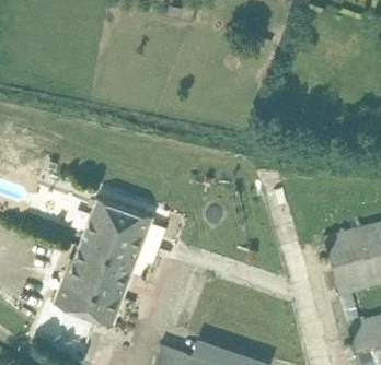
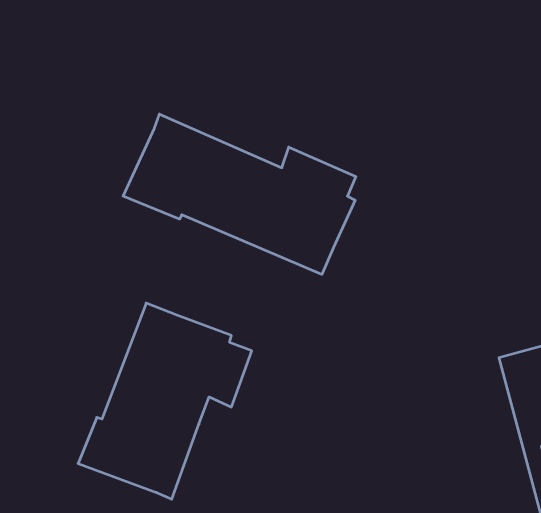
building: none -> [123,114,356,274]

